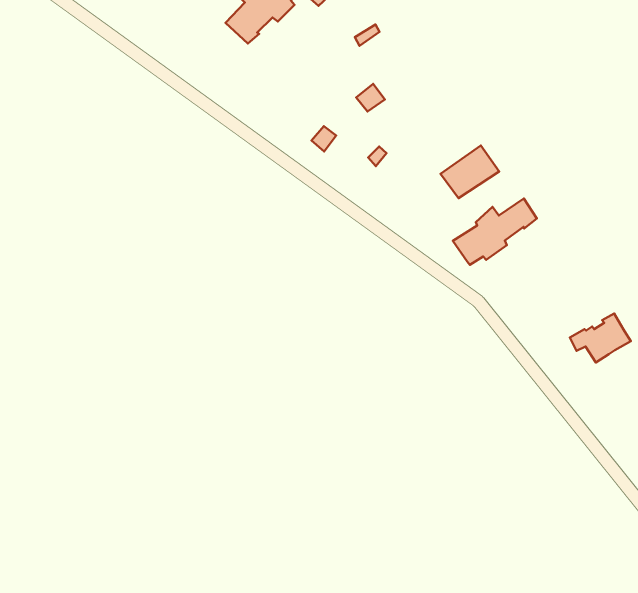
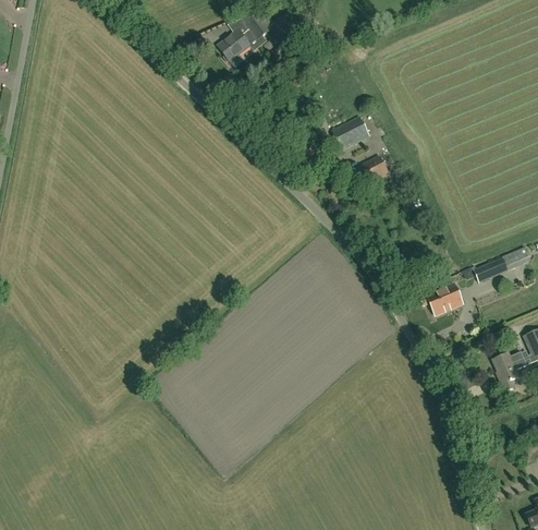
building: none -> [332,117,369,149]
building: [453,198,537,265] -> none

